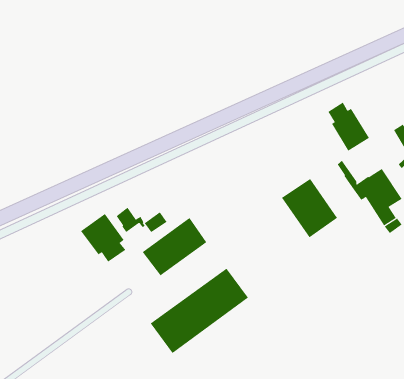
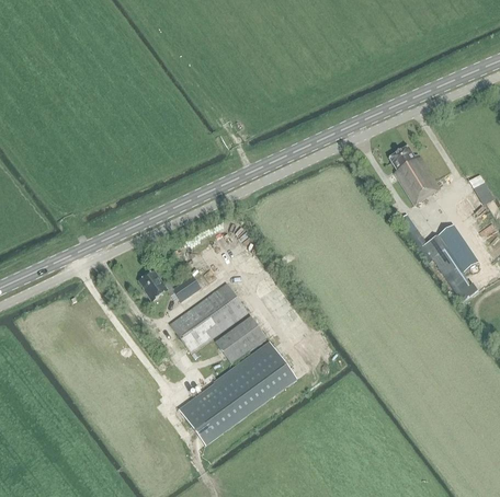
building: [281,178,338,238] -> none
building: [80,213,126,262] -> none
building: none -> [215,316,265,362]

